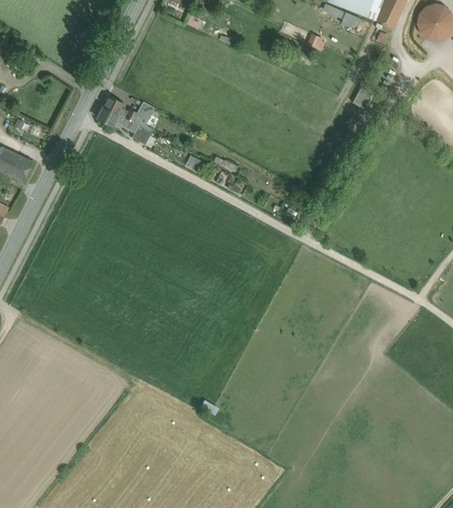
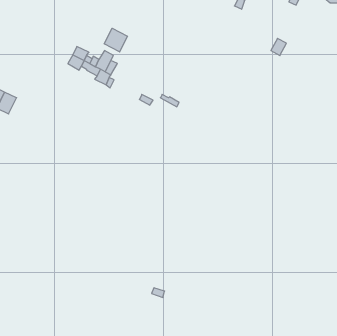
building: none -> [104,28,127,52]

